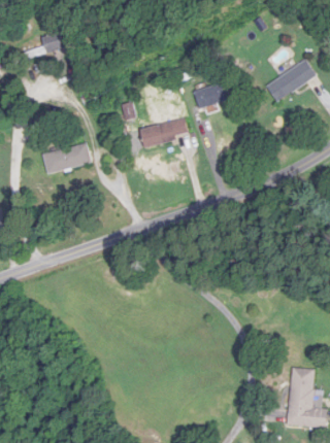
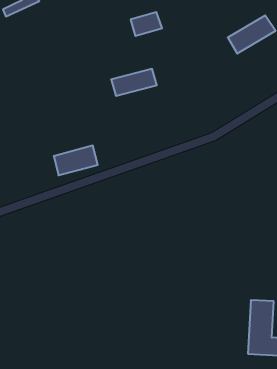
building: [193,82,227,108] -> [131,12,162,36]
building: [42,142,90,174] -> [54,146,98,175]

